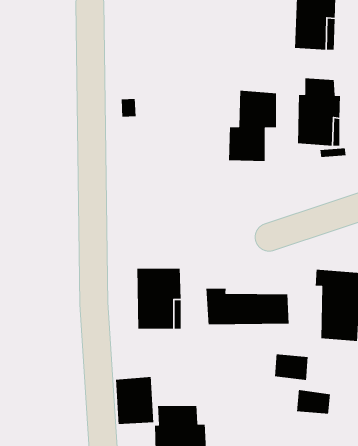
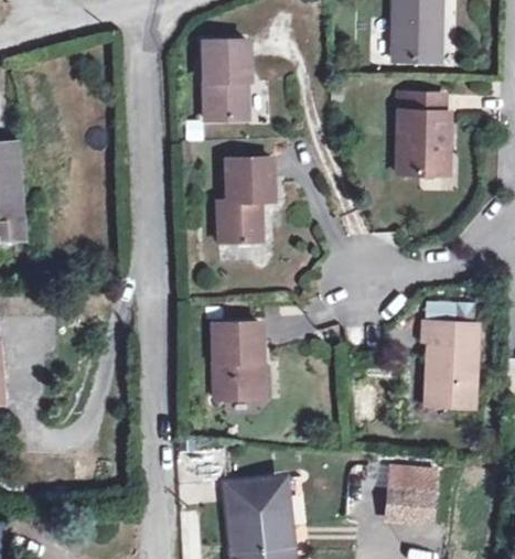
building: none -> [207,37,254,117]
building: [228,90,277,162] -> [217,155,275,240]
building: [206,288,289,325] -> none
building: [274,354,309,381] -> [394,491,434,523]

